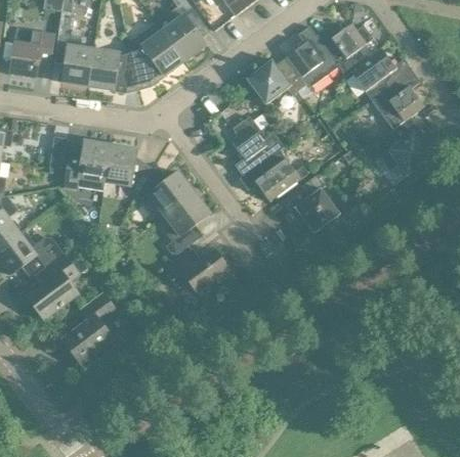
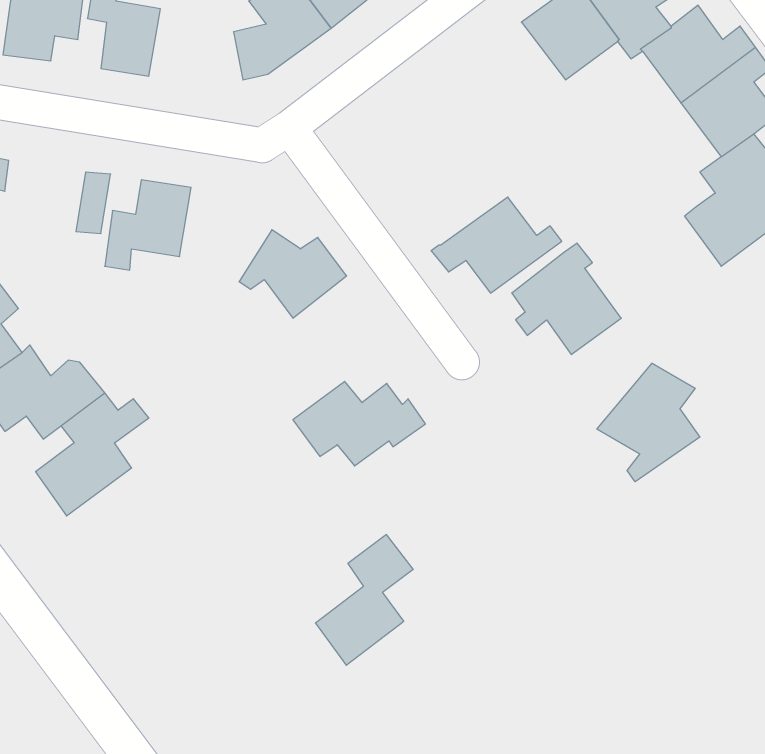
building: [87,49,137,90] -> none
building: [245,56,311,104] -> none
building: [231,118,283,175] -> none
building: [103,144,153,194] -> none
building: [164,191,209,256] -> none
building: none -> [597,363,700,482]
building: [64,291,116,361] -> [315,535,413,665]

